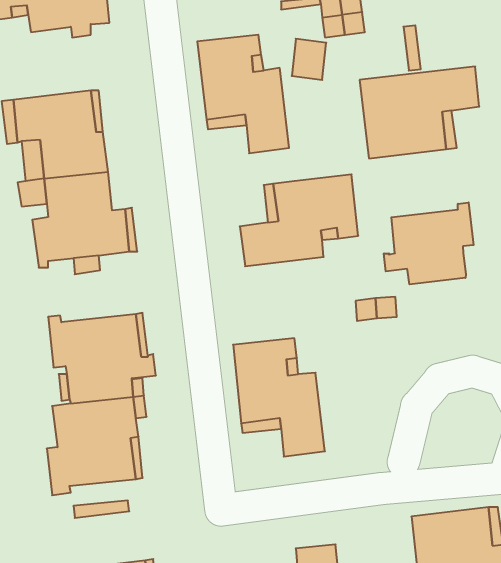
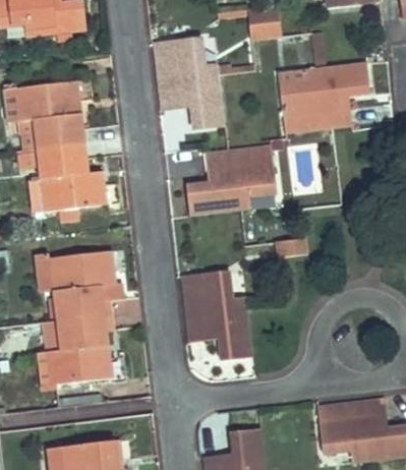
building: [384,202,474,284] -> none

